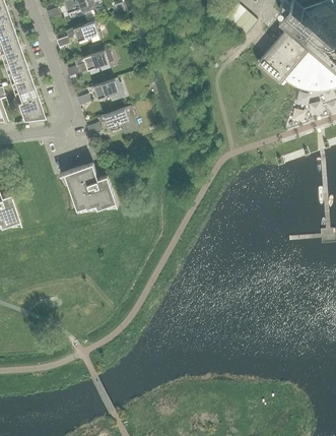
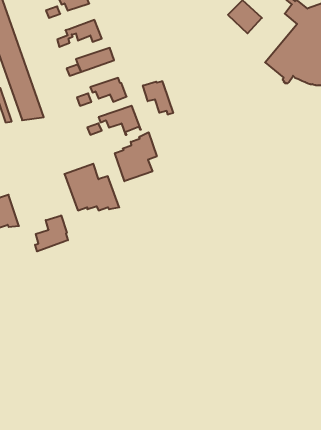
building: none -> [143,81,173,115]
building: none -> [115,132,157,181]
building: none -> [35,215,68,251]

